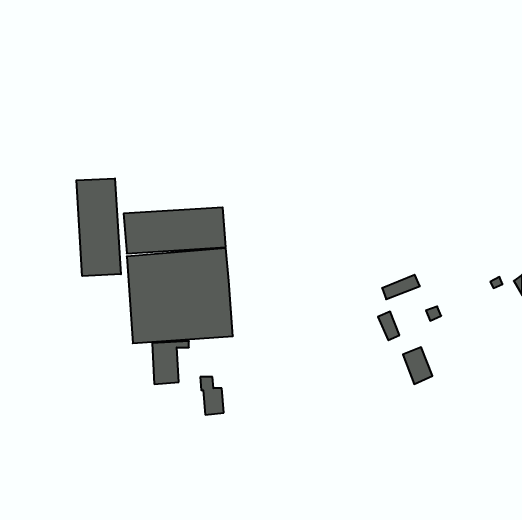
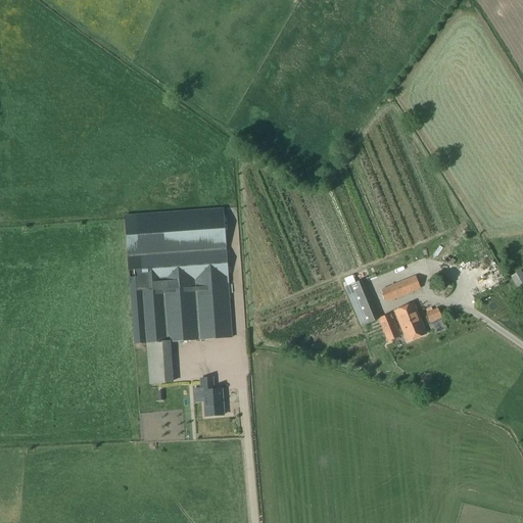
building: [76,178,121,276] -> none
building: none -> [345,278,377,323]
building: [403,347,432,384] -> [395,302,425,339]

